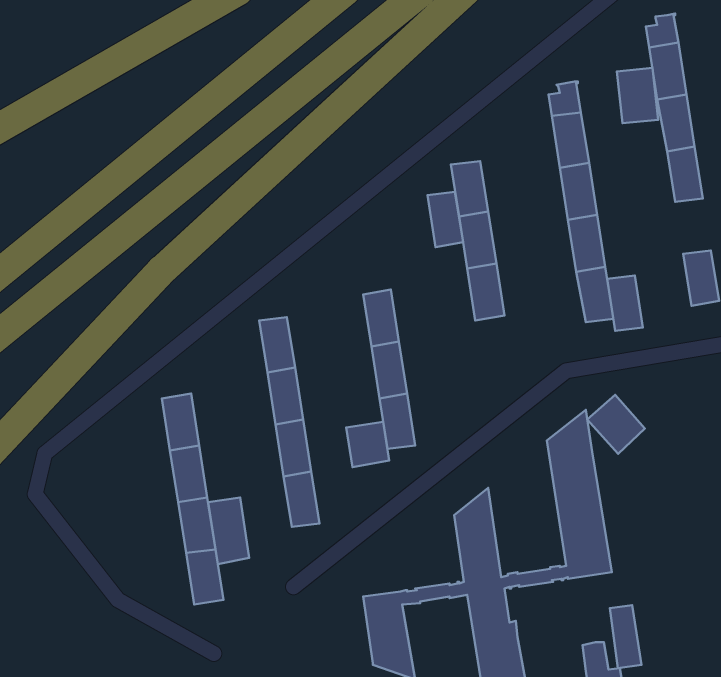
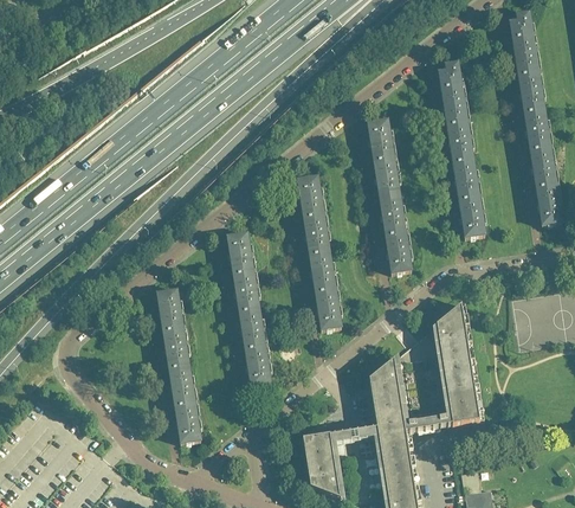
building: [617,68,658,123] -> none
building: [427,192,463,247] -> [297,178,323,218]
building: [607,275,643,331] -> [530,148,556,188]
building: none -> [385,233,412,274]
building: [587,395,645,454] -> none
building: [346,422,389,467] -> none
building: [208,497,249,564] -> none
building: [610,605,641,668] -> none

